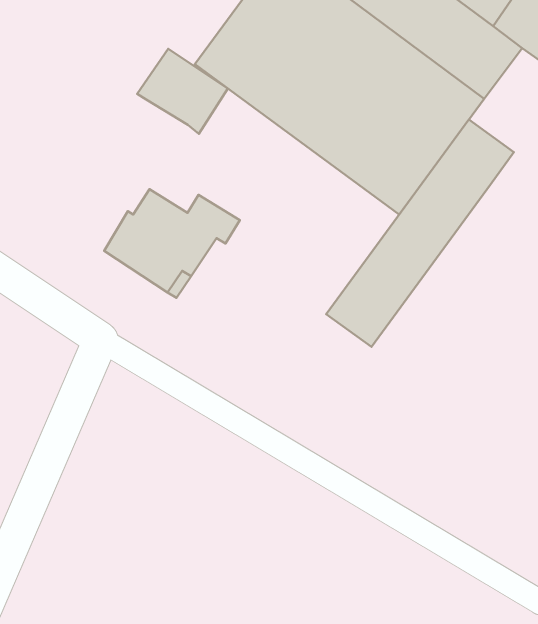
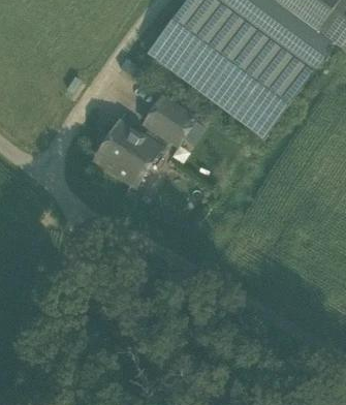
building: [137,49,228,134] -> [144,97,195,146]
building: [326,120,514,347] -> none

